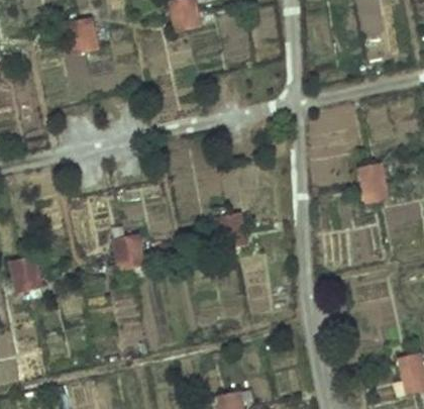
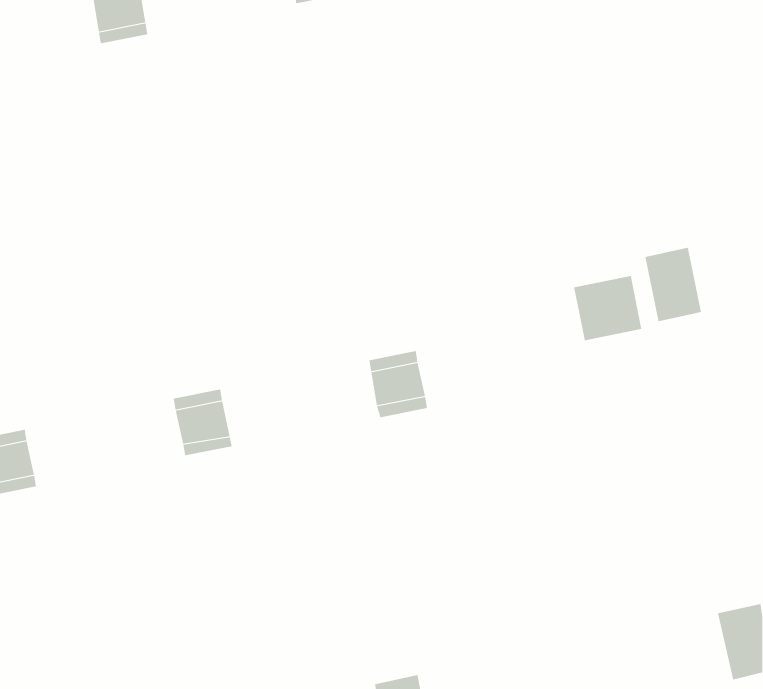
building: none -> [574,275,642,341]

